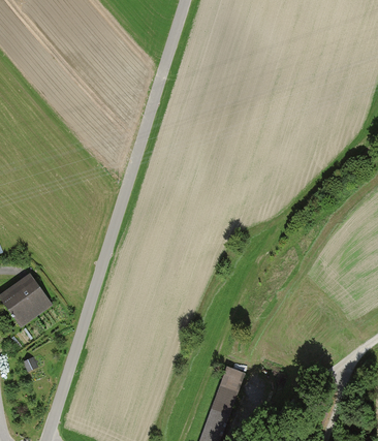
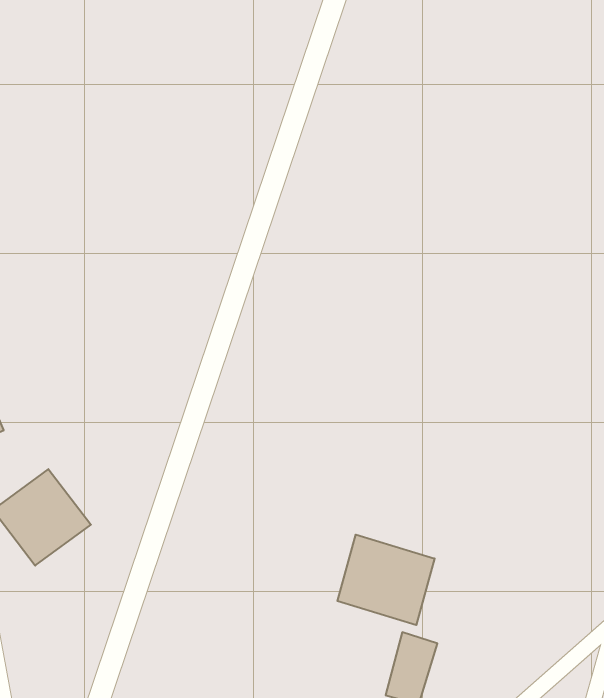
building: none -> [337,535,435,625]

